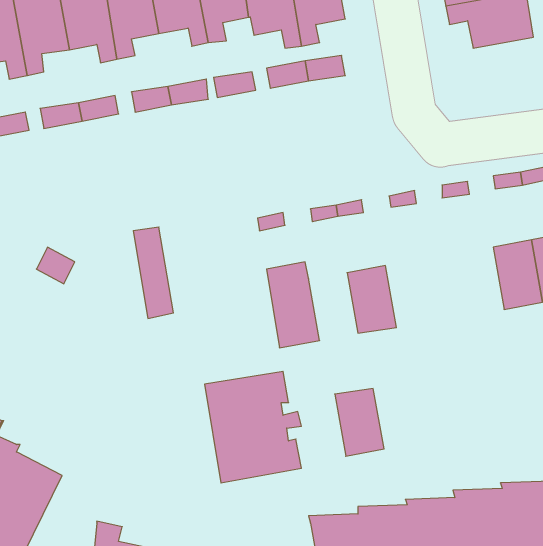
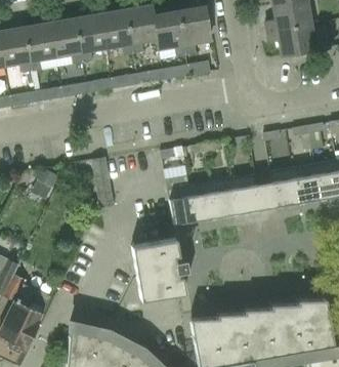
building: none -> [270,168,299,206]
building: none -> [232,174,261,213]
building: [335,389,384,456] -> [189,182,217,220]

